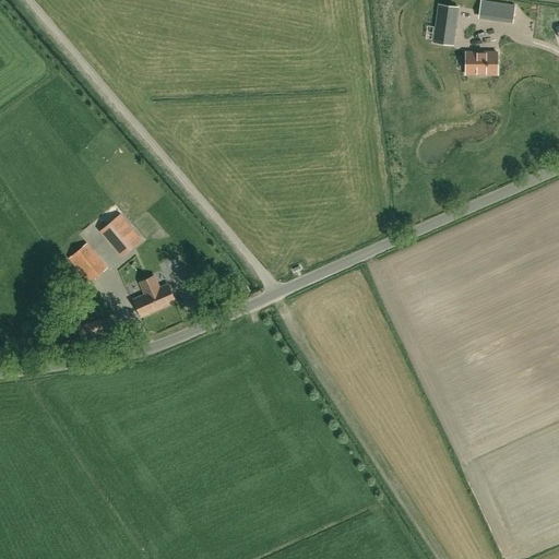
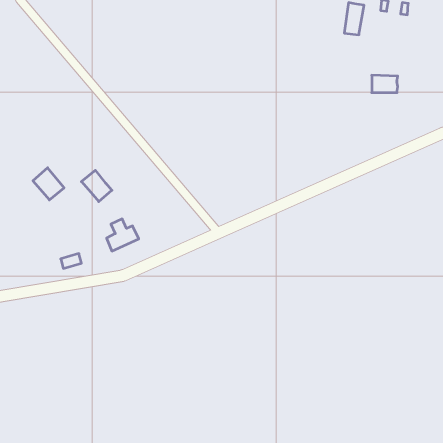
building: [465,51,498,73] -> [372,75,398,93]
building: [68,241,107,282] -> [33,168,64,200]

